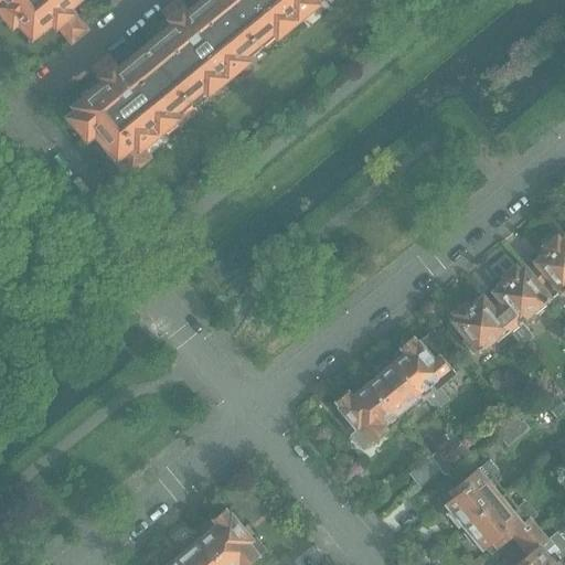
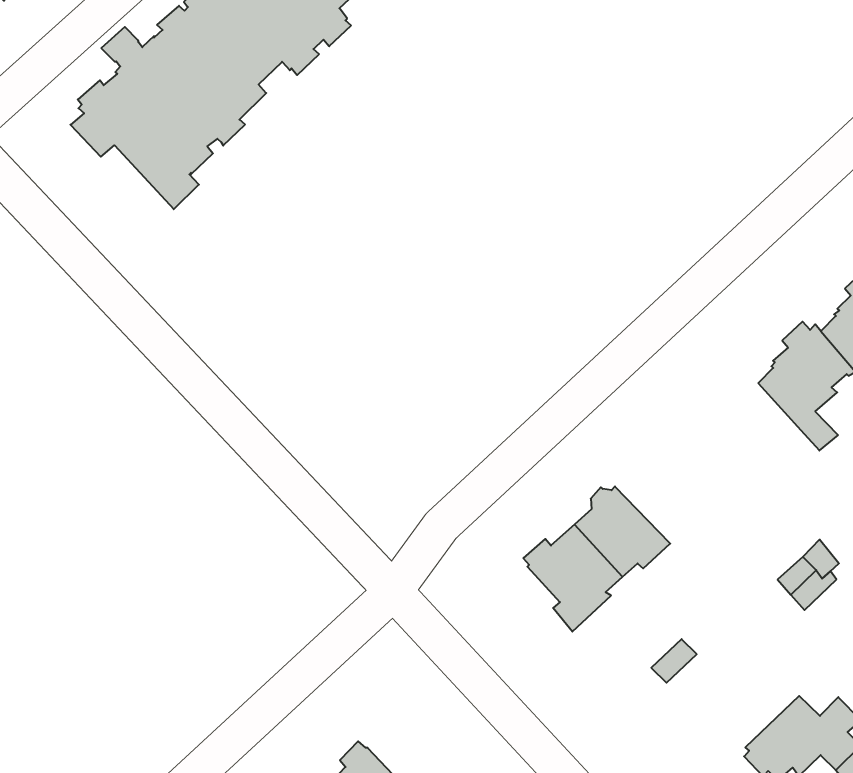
building: [446,298,512,358] -> none
building: [393,332,454,406] -> none
building: [445,460,499,527] -> none

